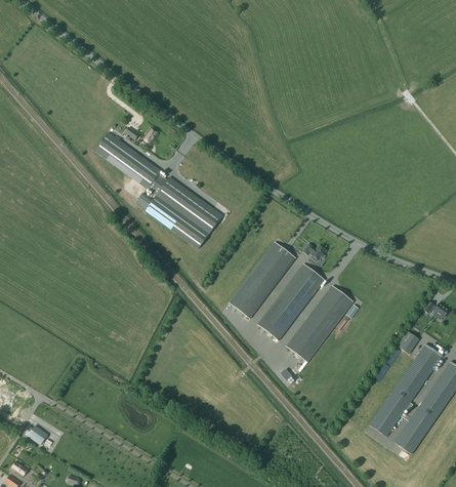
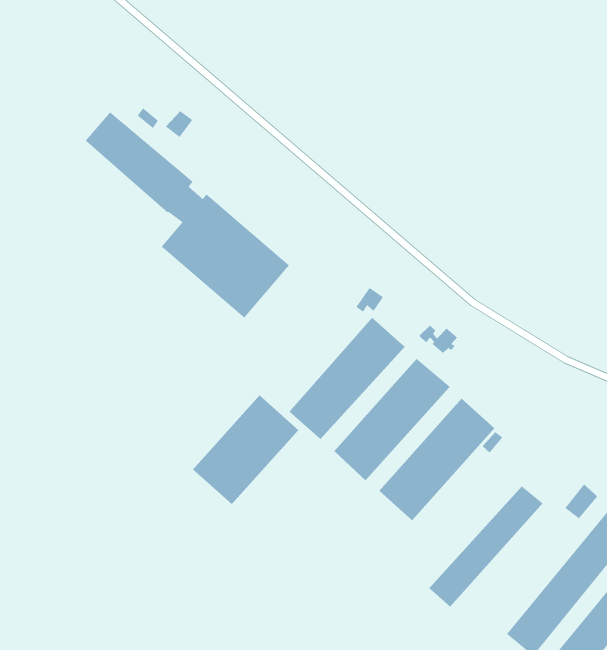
building: none -> [192,395,299,505]
building: none -> [428,485,544,608]

